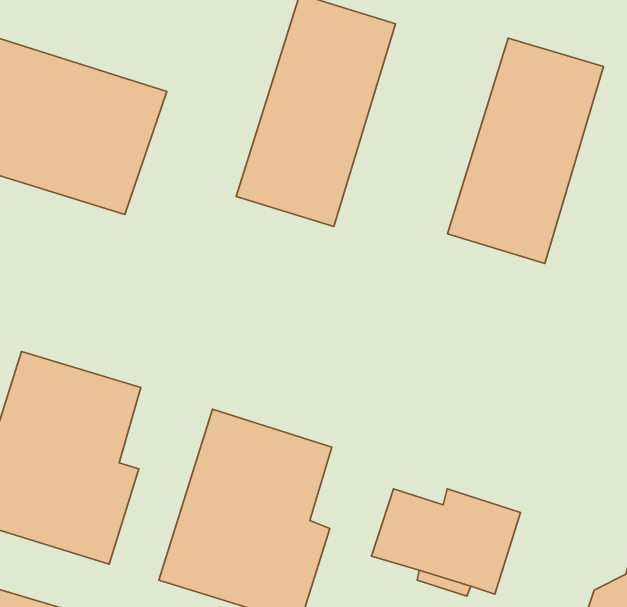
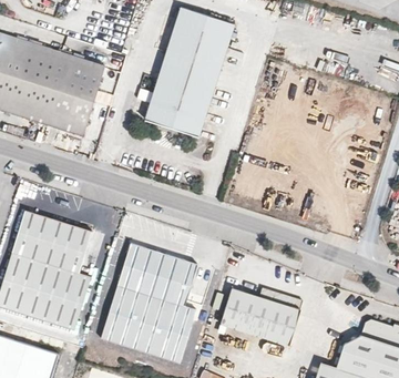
building: [448,38,603,264] -> none

